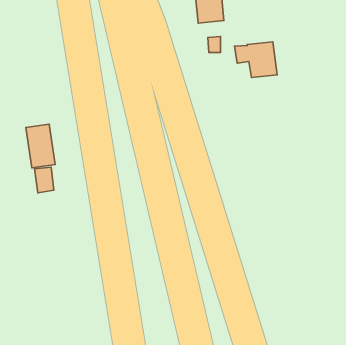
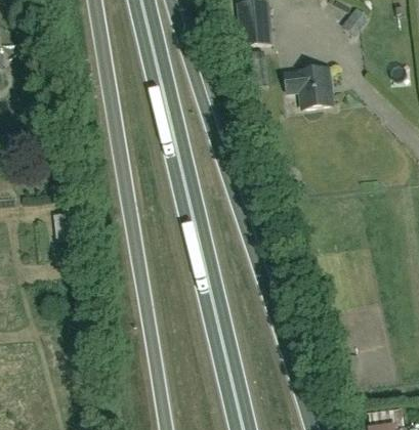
building: [26,124,55,168] -> none

